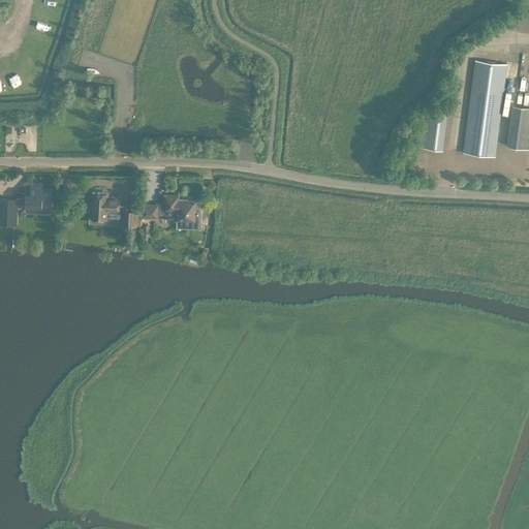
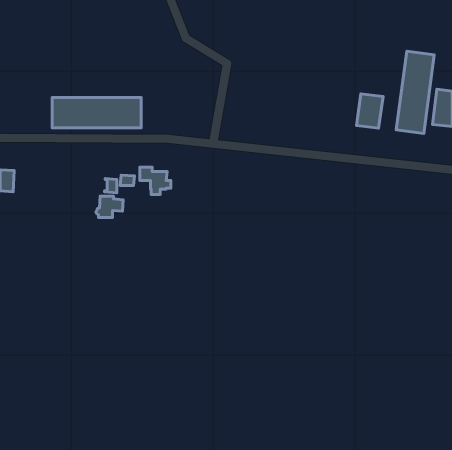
building: none -> [52,98,141,128]
building: [20,185,53,214] -> none
building: [87,195,119,220] -> [96,196,123,217]

